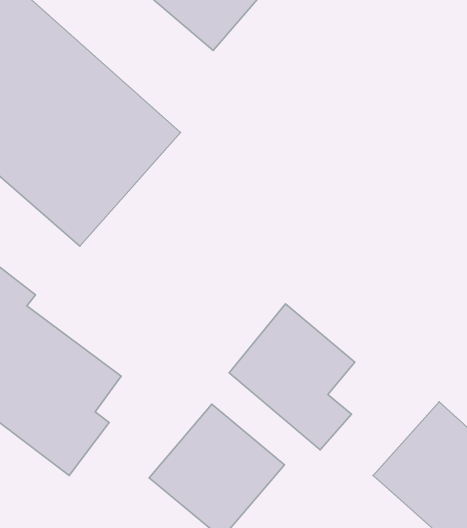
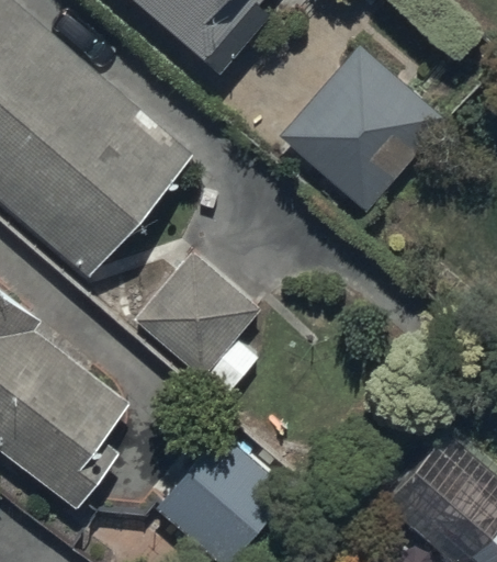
building: none -> [278,46,443,211]
building: [229,304,355,450] -> [134,250,261,398]

